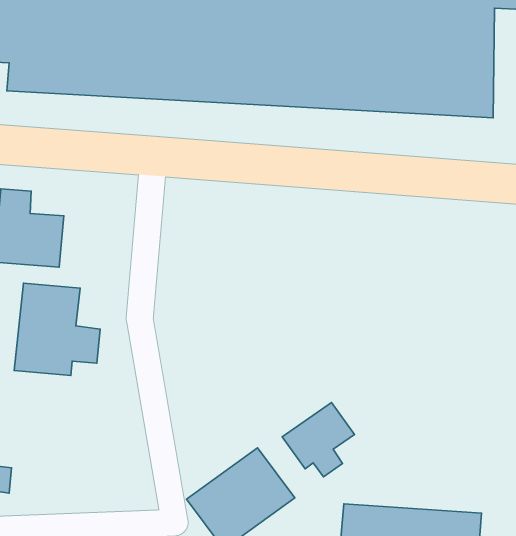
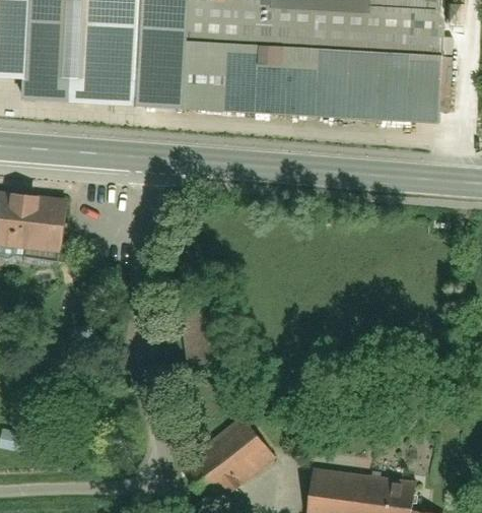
building: [14,283,100,376] -> none
building: [282,402,355,477] -> none

